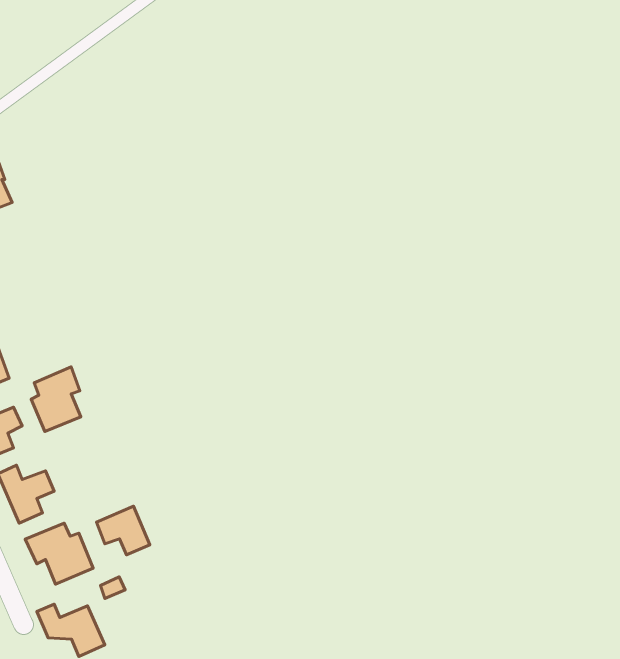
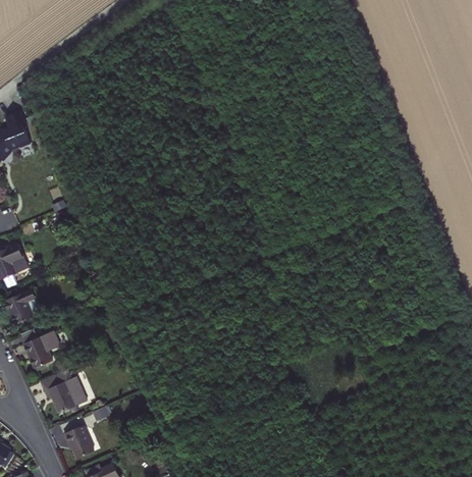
building: [31,367,81,432] -> none
building: [97,506,150,555] -> none

